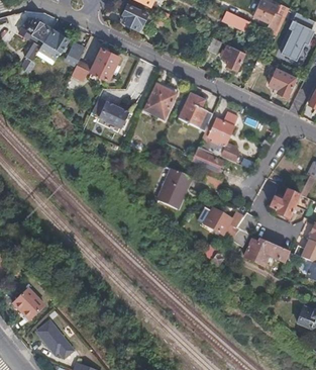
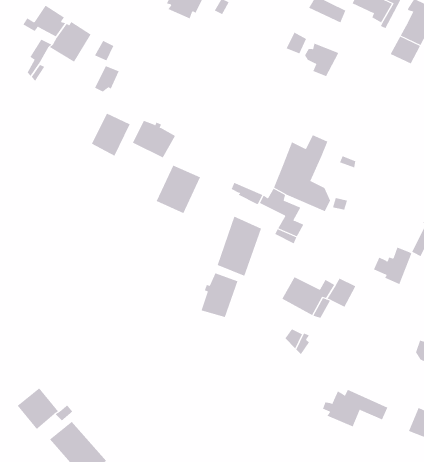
building: [90,48,118,79] -> [91,113,130,157]
building: [269,67,297,96] -> none
building: [143,84,176,119] -> [156,165,201,214]
building: [178,92,212,131] -> none
building: none -> [201,273,238,318]
building: [241,239,289,266] -> [322,389,388,427]

